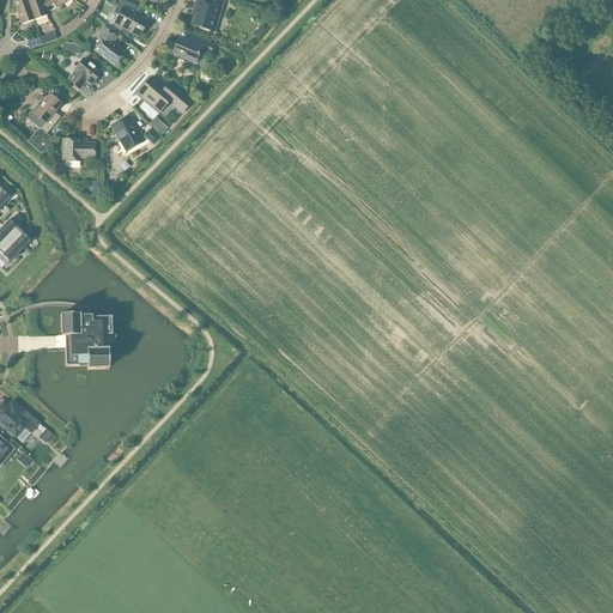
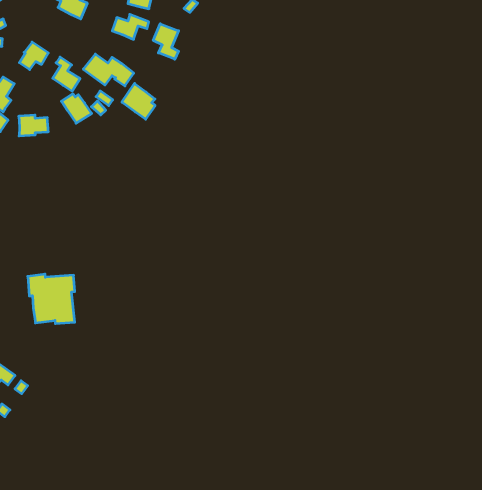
building: [95,26,125,65] -> [53,57,80,91]
building: none -> [153,24,179,59]
building: none -> [122,83,155,119]

